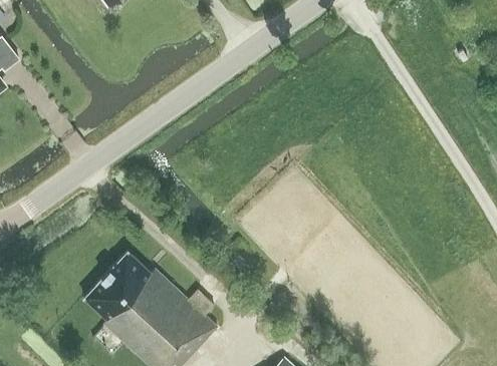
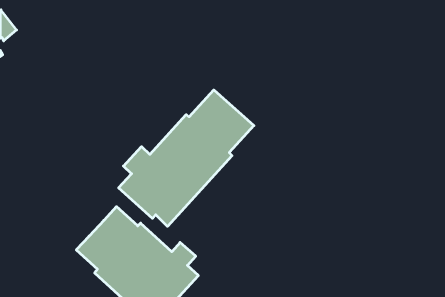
building: none -> [119,90,254,226]

